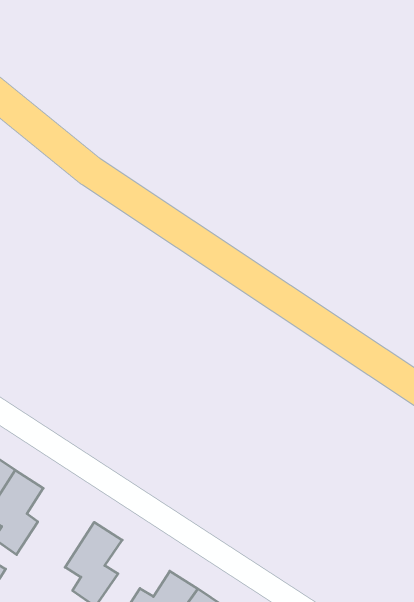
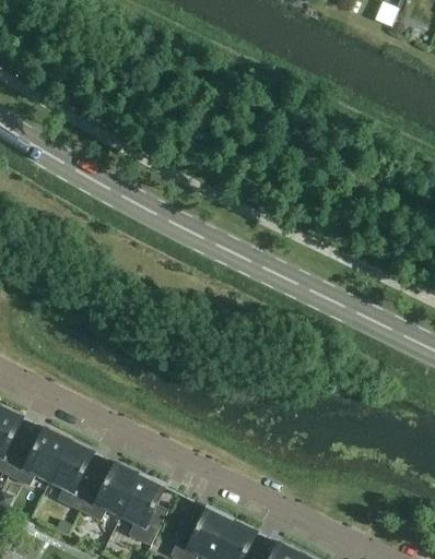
building: none -> [79,464,140,521]

